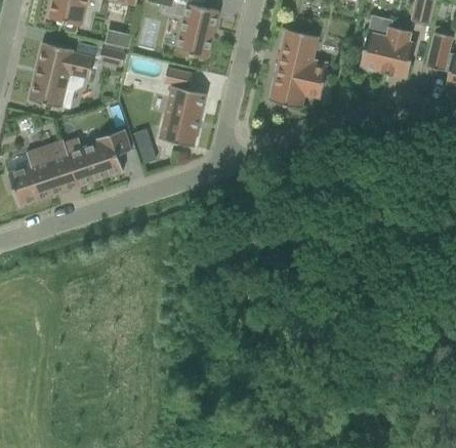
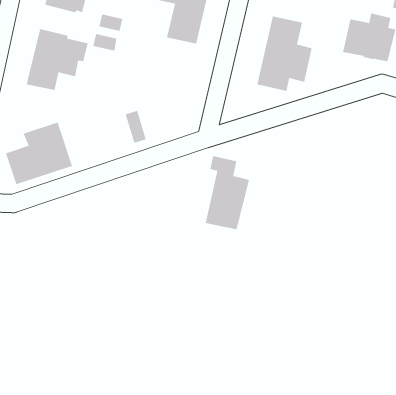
building: [159,68,206,146] -> [205,155,250,230]
building: [64,128,130,186] -> none

